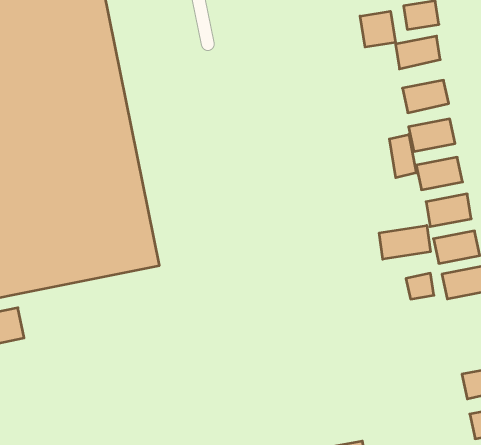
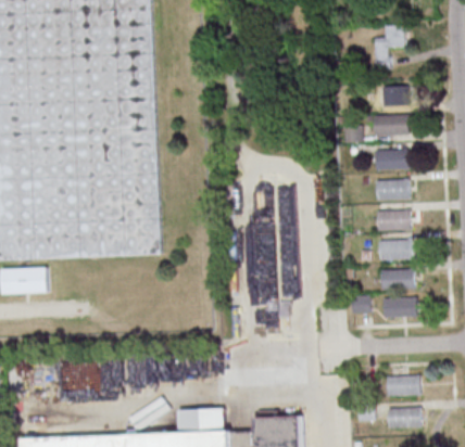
building: [360,11,395,47] -> none
building: [389,134,416,178] -> none
building: [379,225,430,259] -> none

